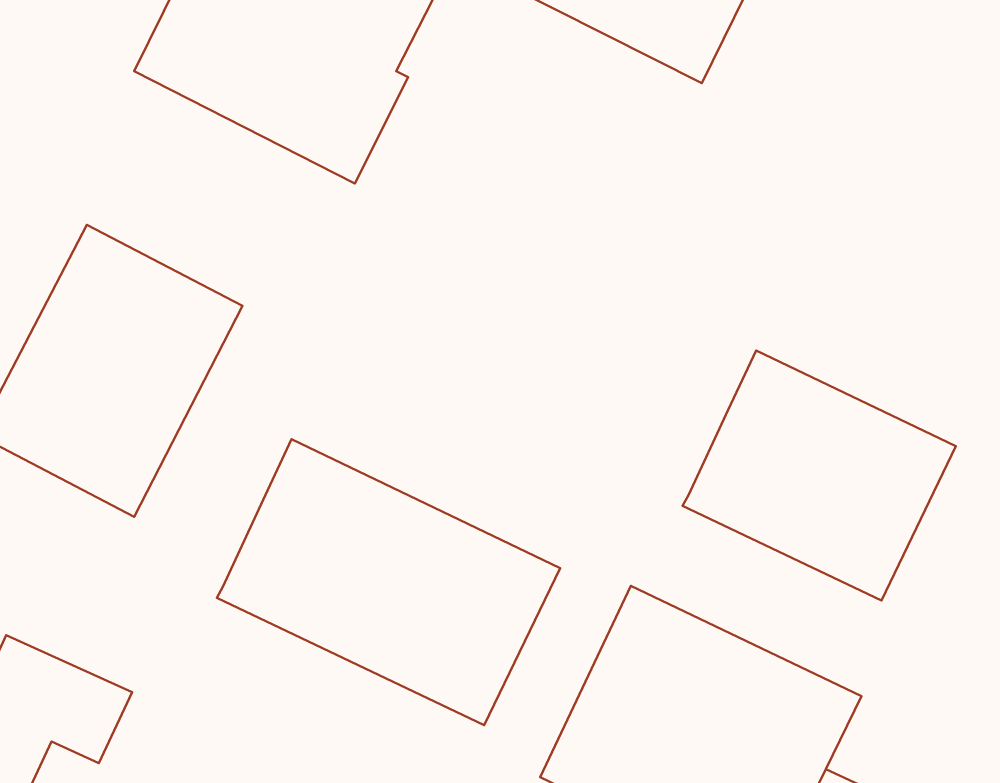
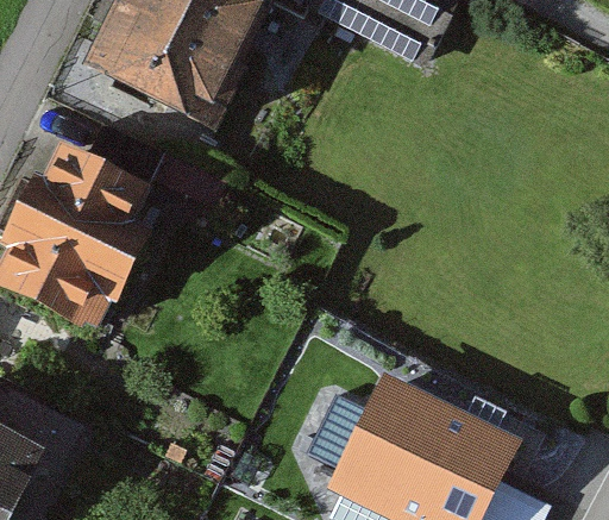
building: [683,350,956,600] -> none
building: [217,439,560,725] -> none

